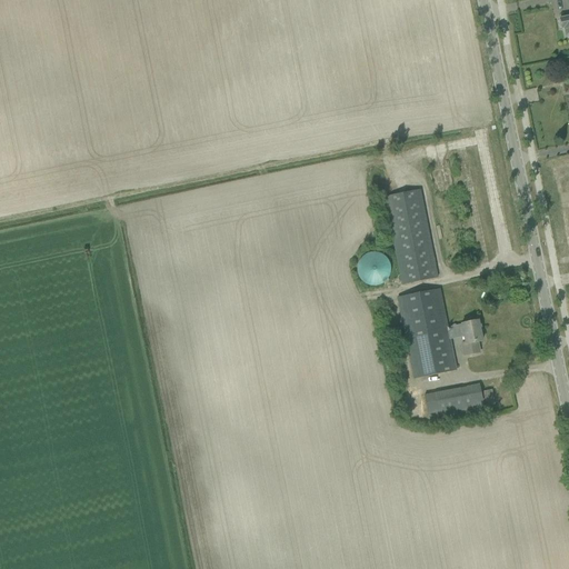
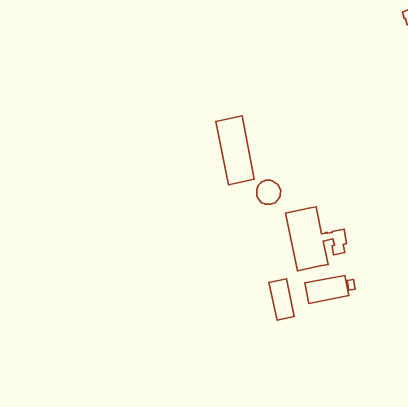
building: [385,187,438,282] -> [216,116,254,185]
building: none -> [269,279,294,320]

